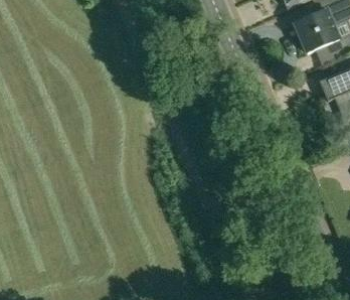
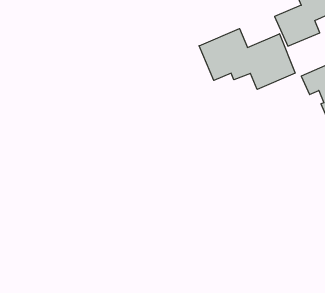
building: none -> [199,29,295,89]

